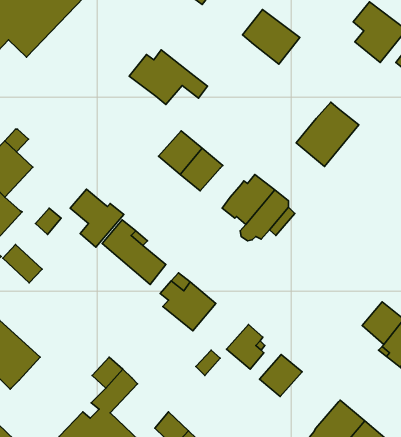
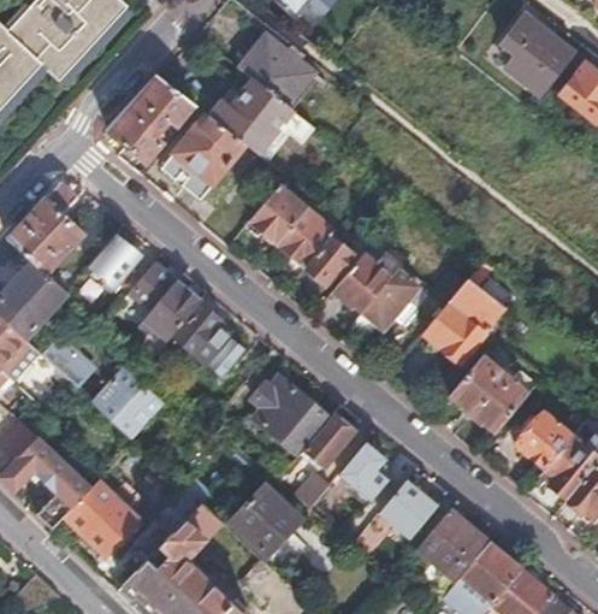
building: [243,9,300,64] -> [237,33,313,105]
building: none -> [108,73,196,161]
building: none -> [161,110,244,205]
building: [296,102,359,167] -> [421,278,504,364]
building: none -> [87,231,143,289]
building: none -> [303,235,357,282]
building: none -> [449,354,528,432]
building: none -> [93,366,161,435]
building: none -> [301,417,353,470]
building: none -> [64,478,137,551]
building: none -> [227,484,298,555]
building: none -> [418,512,486,579]

